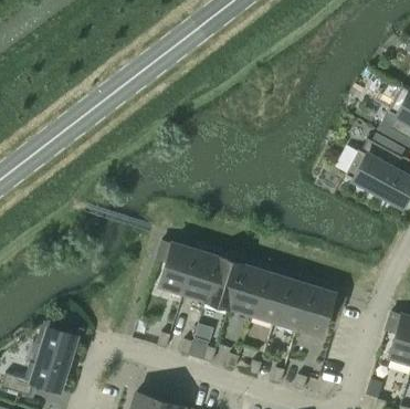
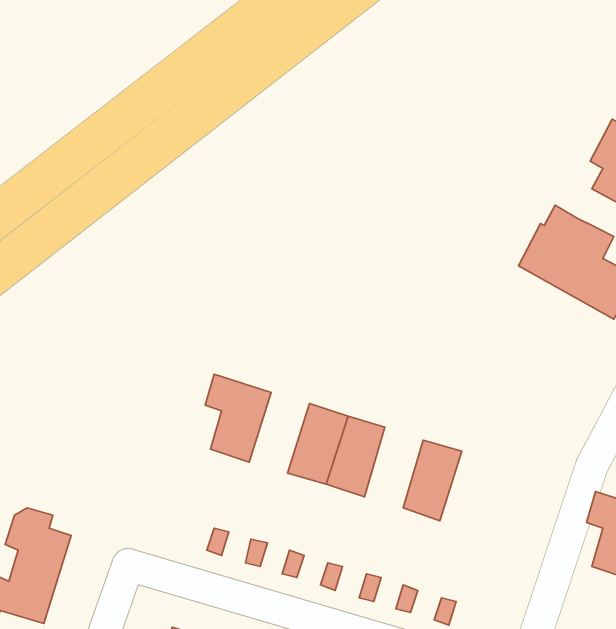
building: [182,252,219,301] -> none
building: [252,273,287,322] -> none
building: [297,287,345,336] -> none

